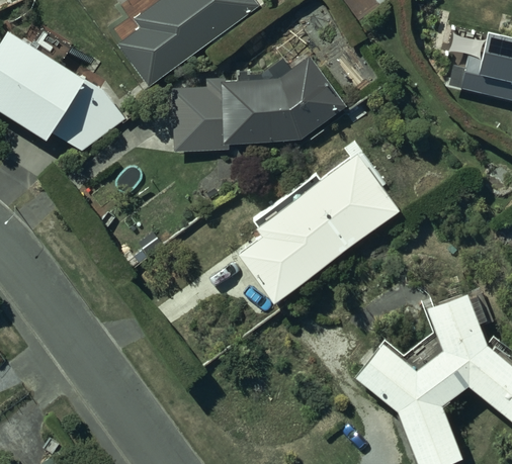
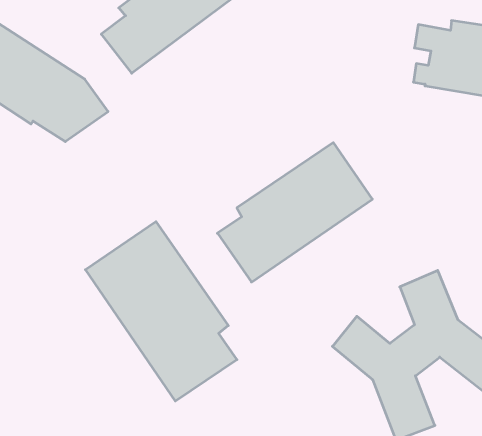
building: [172,52,343,151] -> none
building: none -> [85,222,237,401]

